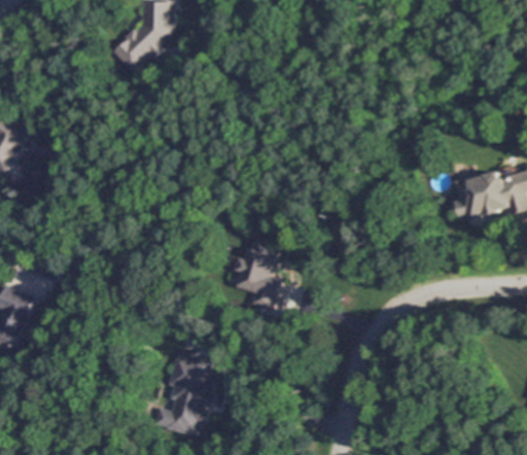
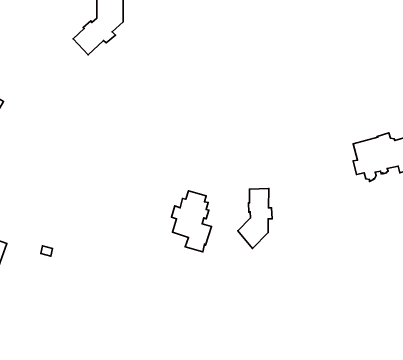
building: none -> [238,189,272,248]
building: [152,355,211,433] -> none

